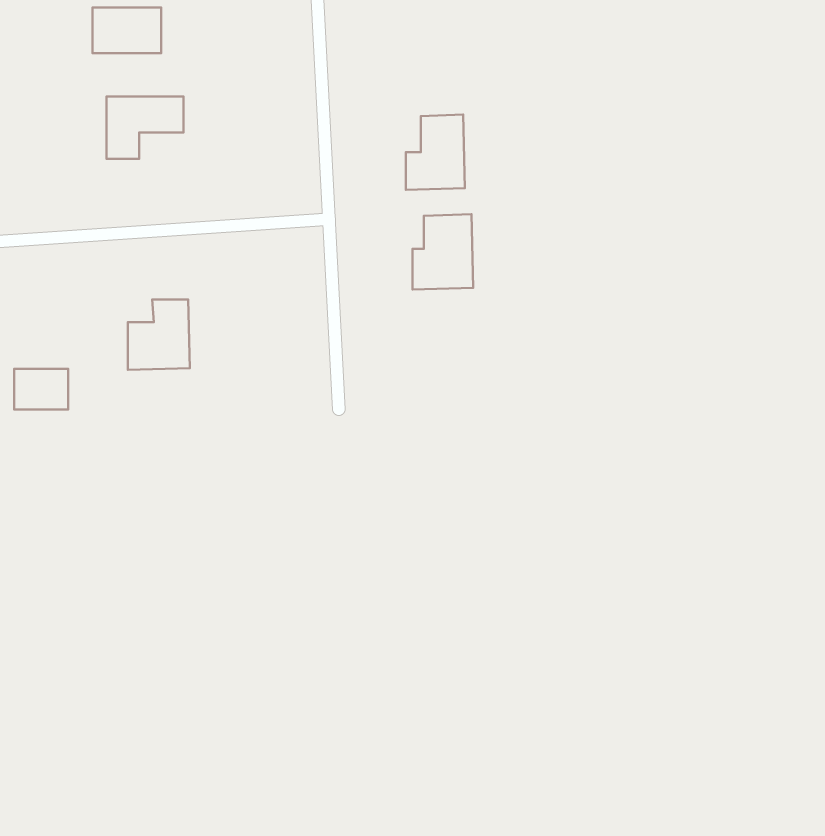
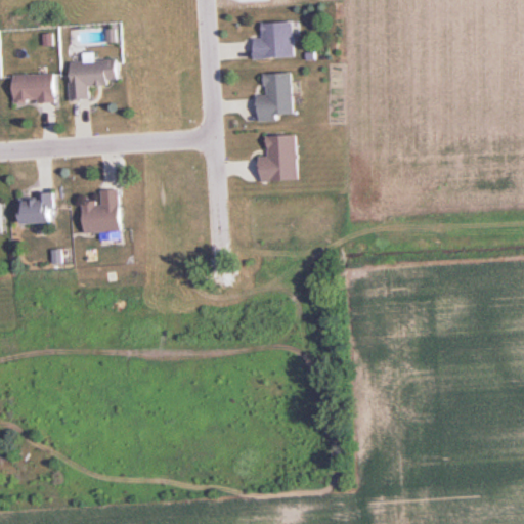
building: [93,7,161,53] -> [9,74,52,102]
building: none -> [250,20,292,57]
building: [14,369,68,410] -> [16,196,50,222]

